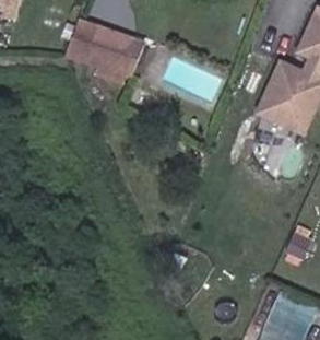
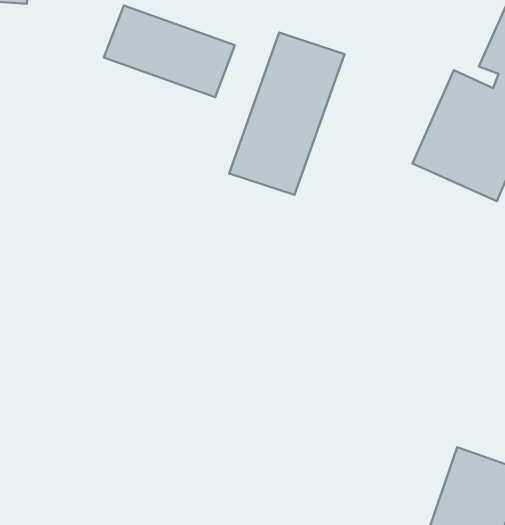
building: none -> [229,32,344,195]

